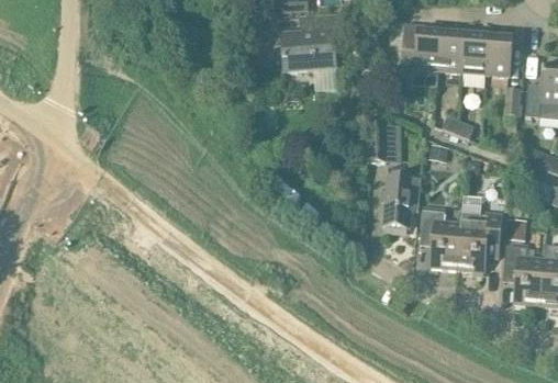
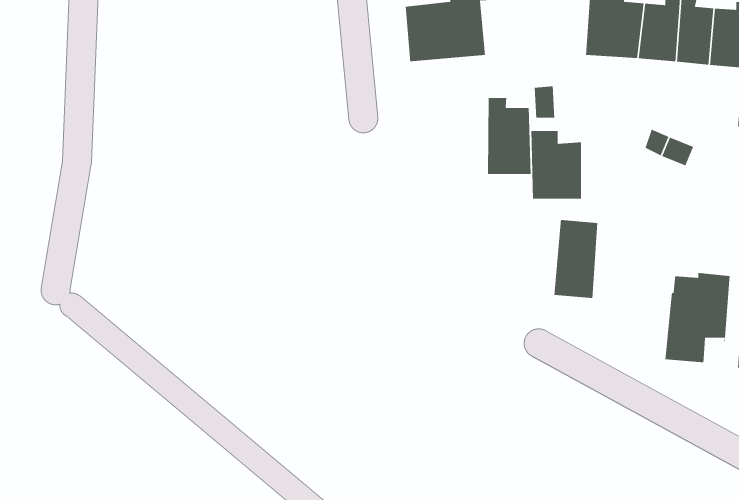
building: none -> [487,97,532,175]
building: [420,209,460,268] -> none

